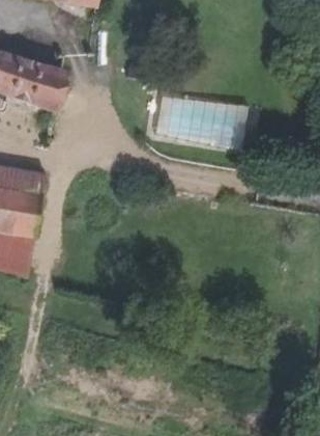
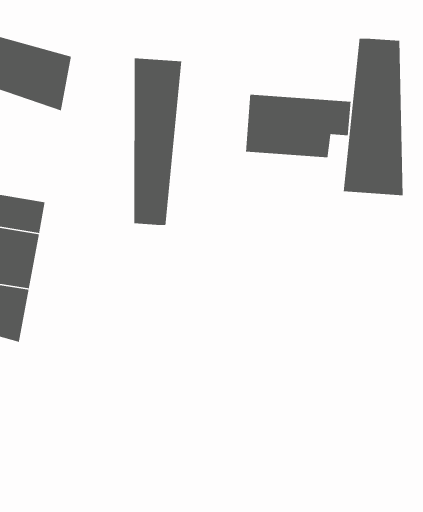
building: none -> [343,38,403,196]
building: none -> [133,58,182,226]

